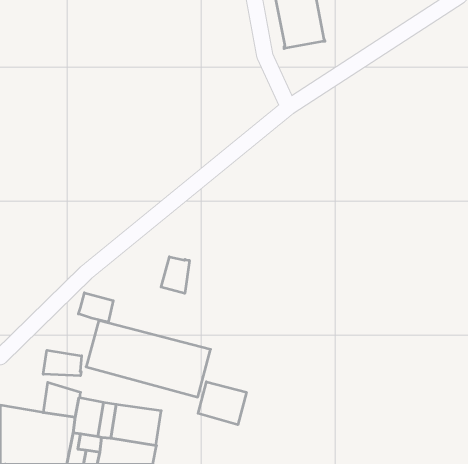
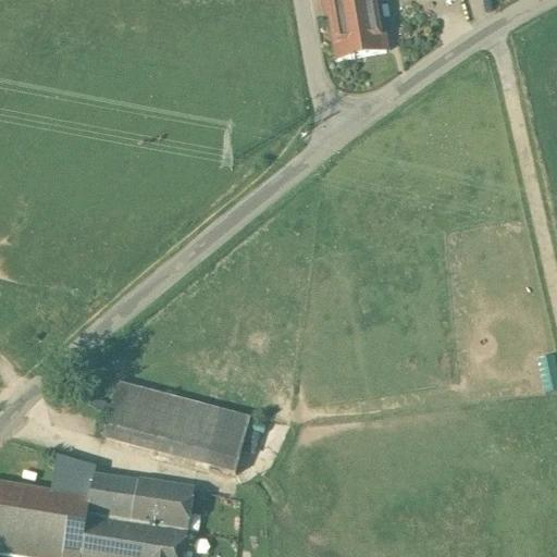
building: [161,257,189,293] -> none
building: [78,293,113,322] -> none
building: [43,350,82,376] -> none
building: [198,382,246,425] -> none

